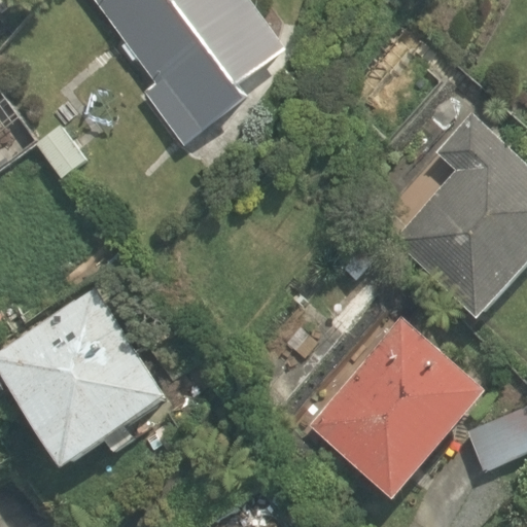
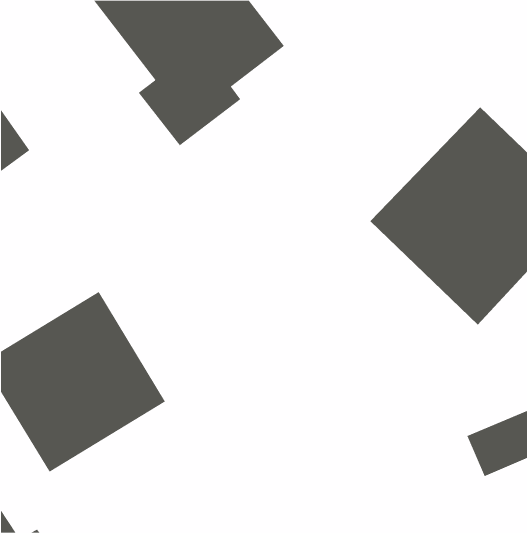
building: [302,313,484,500] -> none

